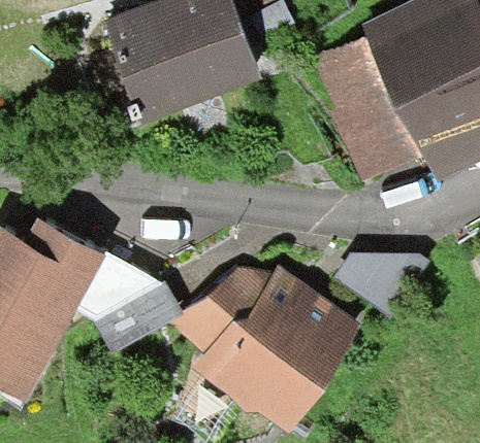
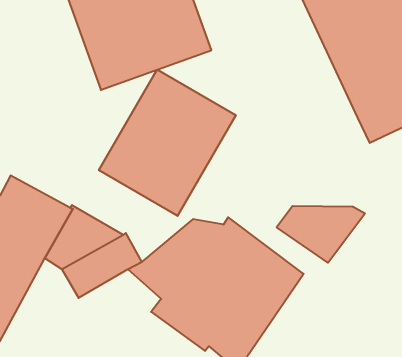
building: [310,34,422,181] -> none
building: none -> [99,70,236,216]

